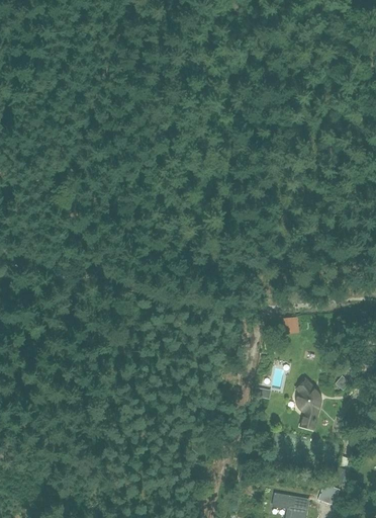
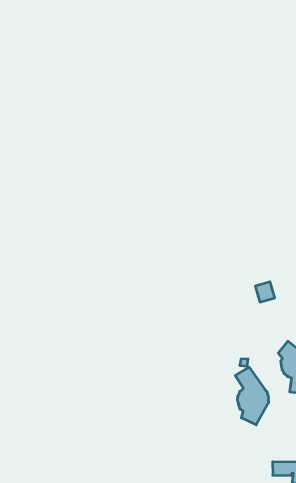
building: none -> [235,367,269,425]

